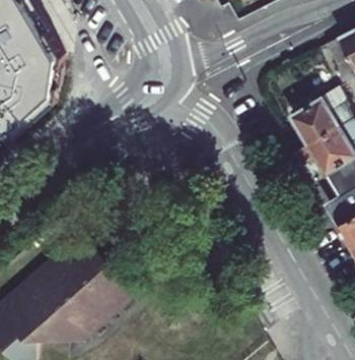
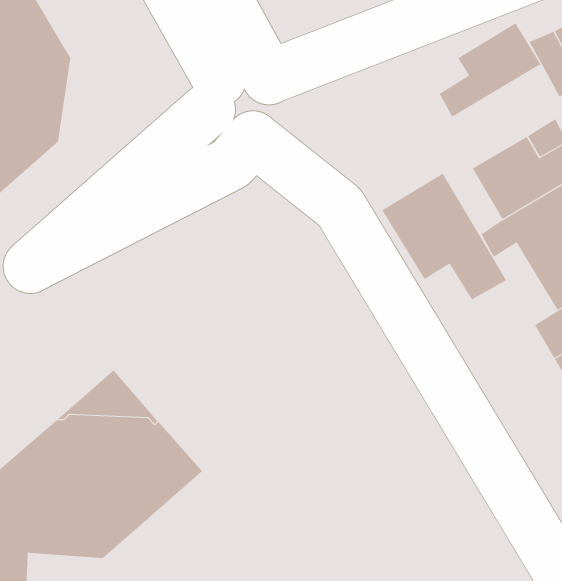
building: none -> [439,22,541,117]
building: none -> [382,173,507,300]

